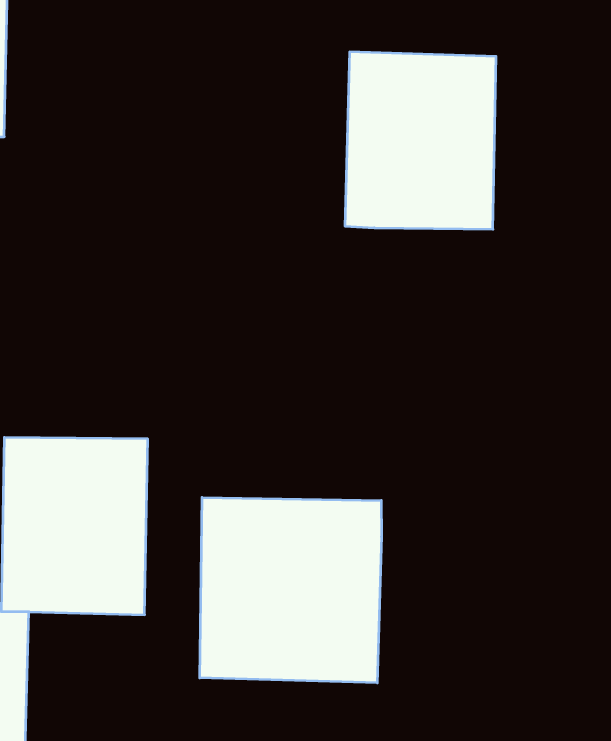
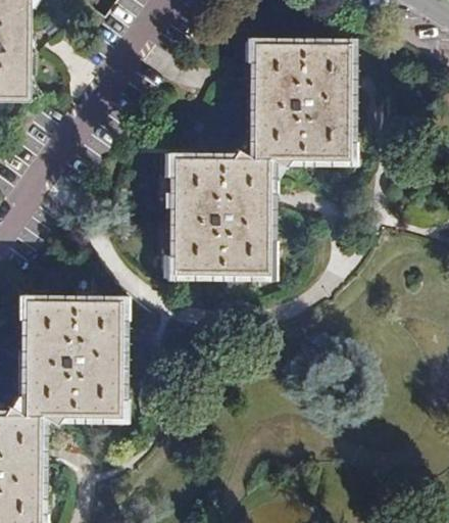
building: none -> [171,156,270,275]
building: [200,497,381,683] -> none

